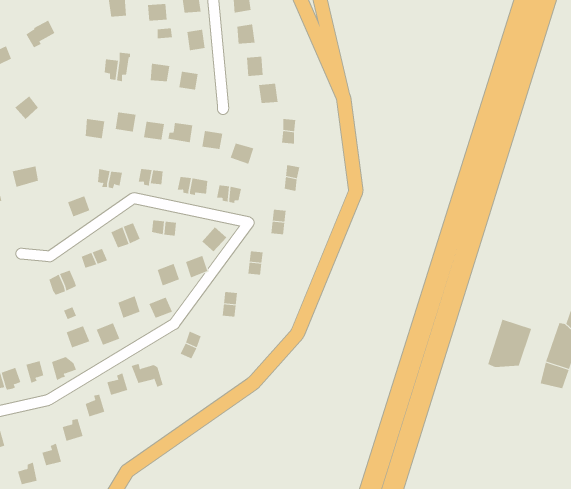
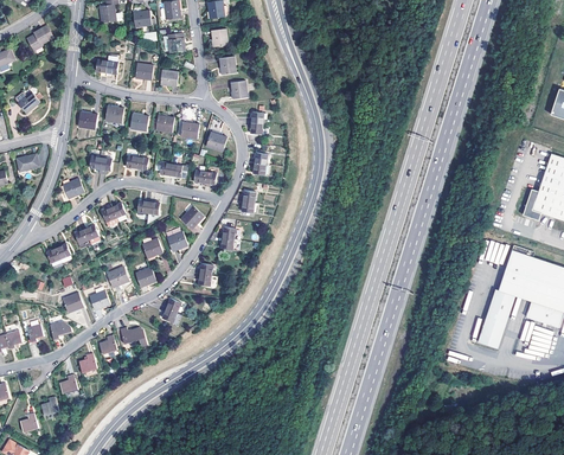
building: [488,319,532,368] -> none

